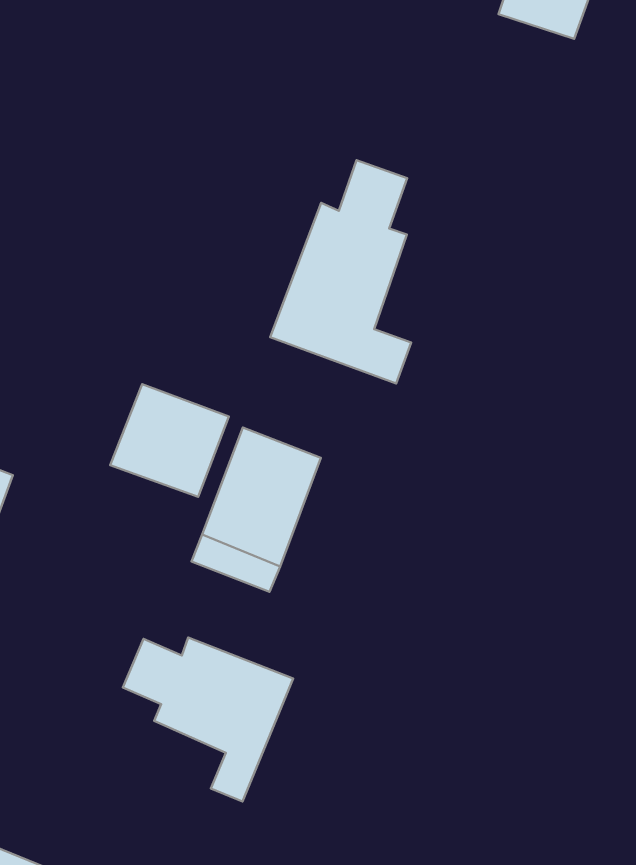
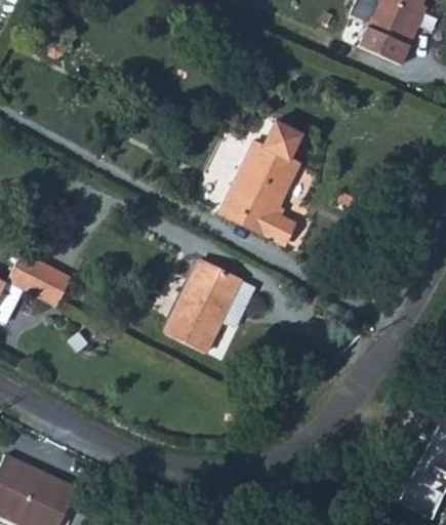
building: [110,384,229,497] -> none
building: [123,637,293,802] -> none

